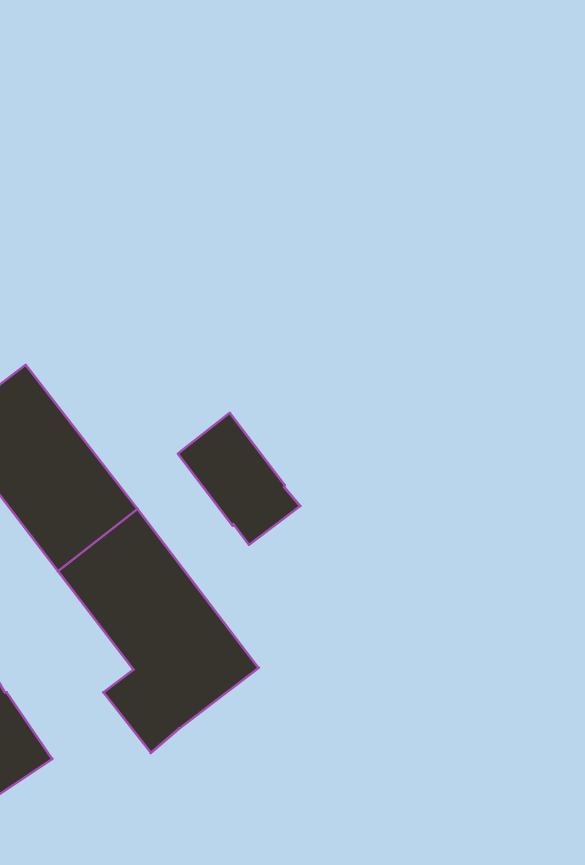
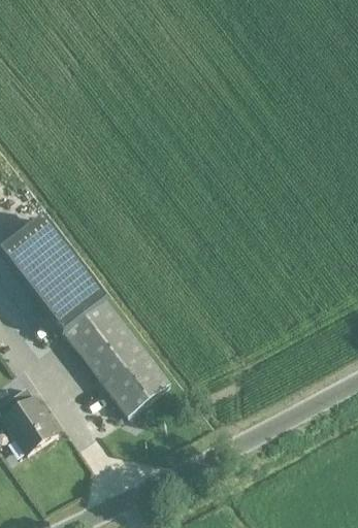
building: [178,413,300,545] -> none

